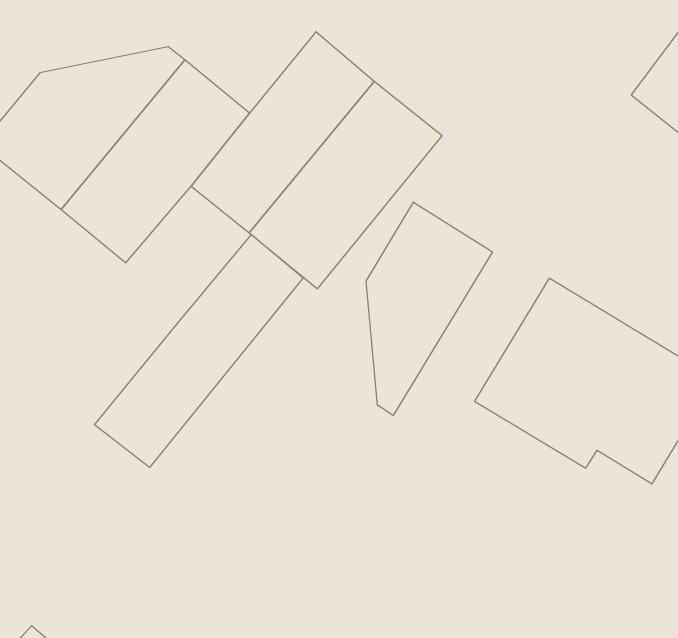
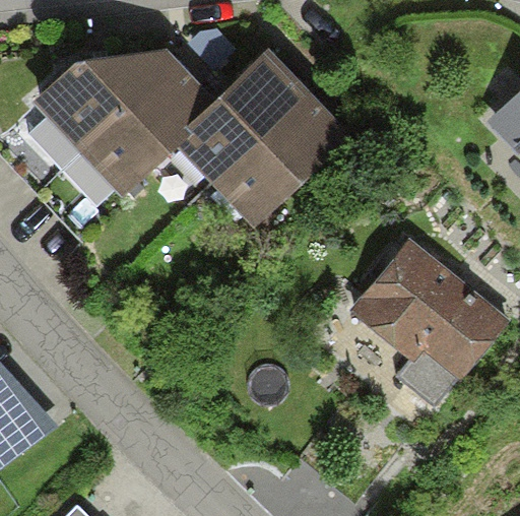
building: [366,202,492,415] -> none
building: [94,235,303,467] -> none

